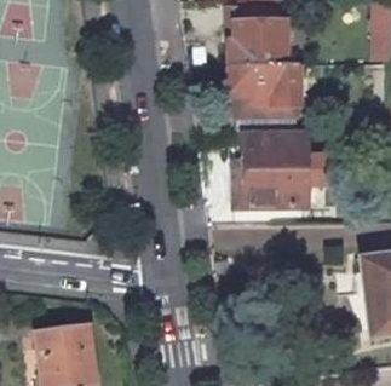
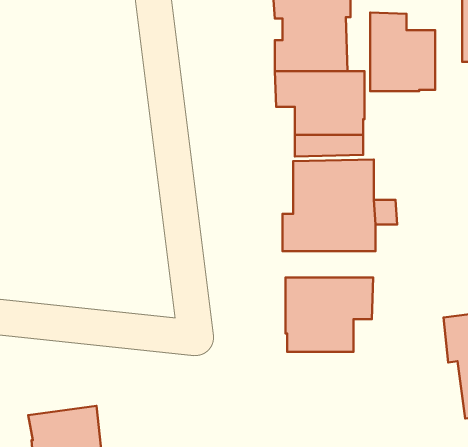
building: none -> [370,12,435,91]
building: none -> [286,277,373,352]

